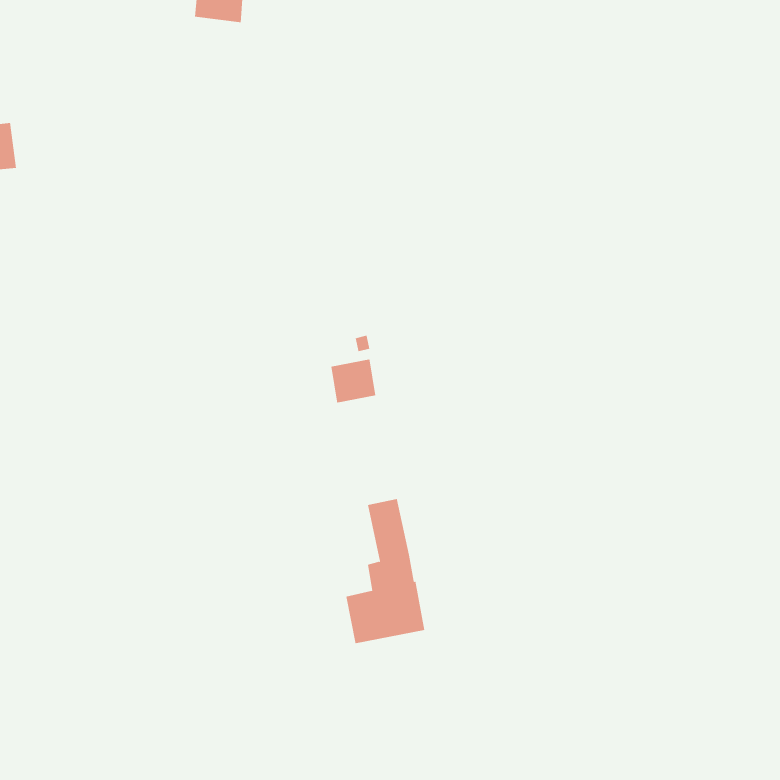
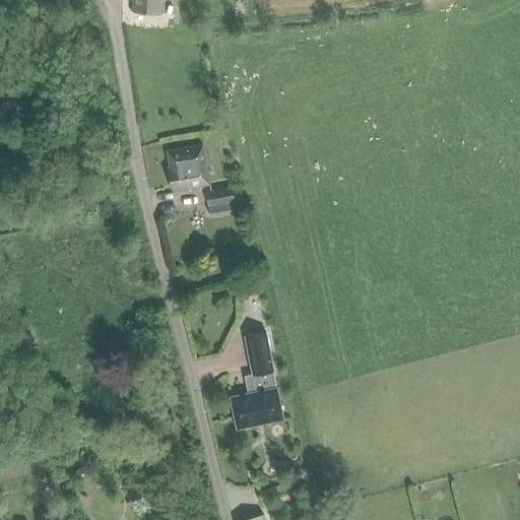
building: none -> [166,143,208,189]
building: [330,359,376,403] -> [204,185,235,214]

